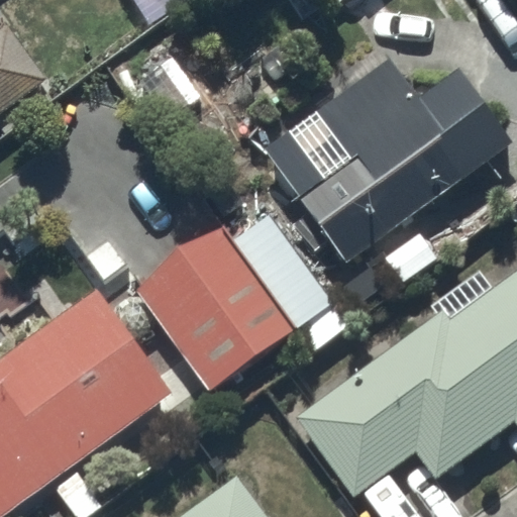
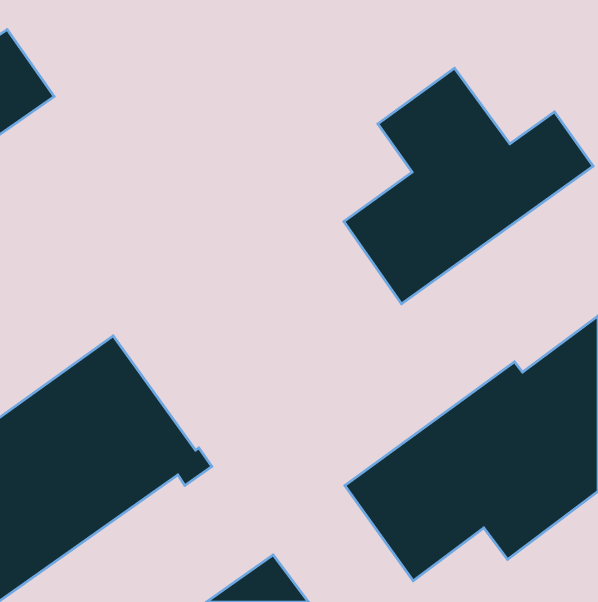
building: [135,213,349,391] -> none

